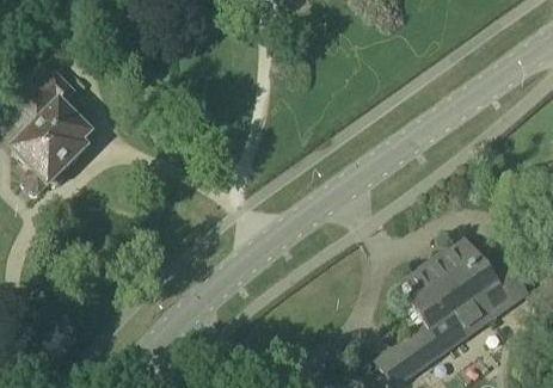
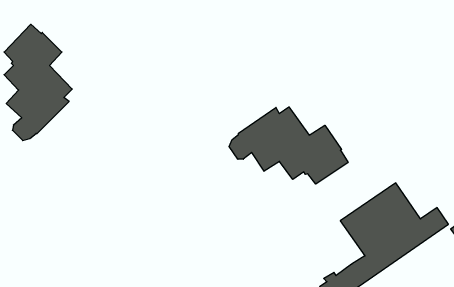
building: none -> [229,107,348,184]

